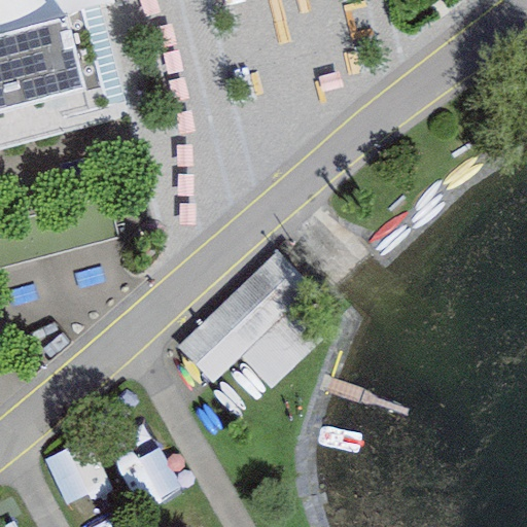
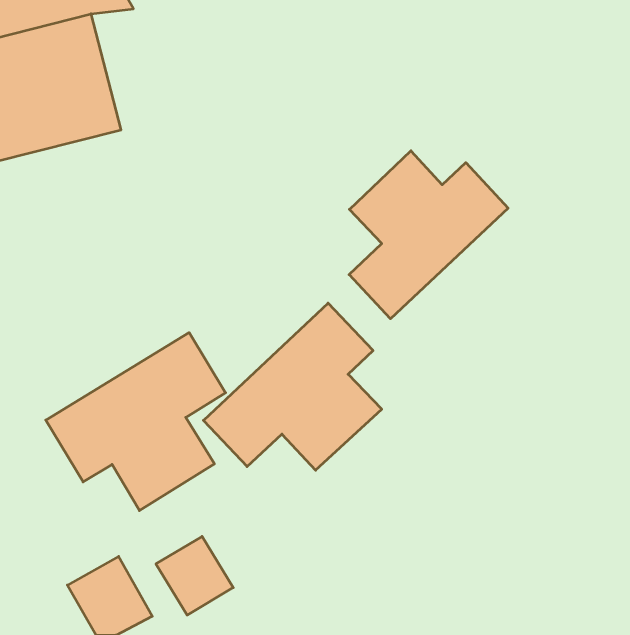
building: none -> [349,151,508,319]
building: none -> [46,333,226,511]

